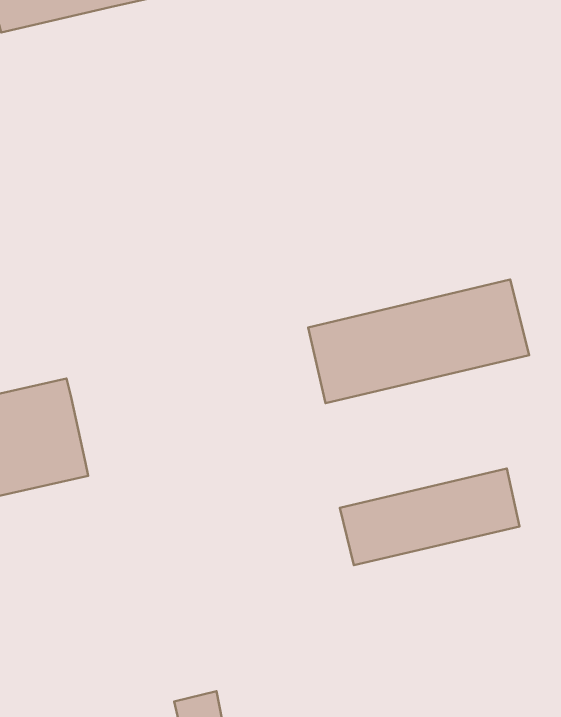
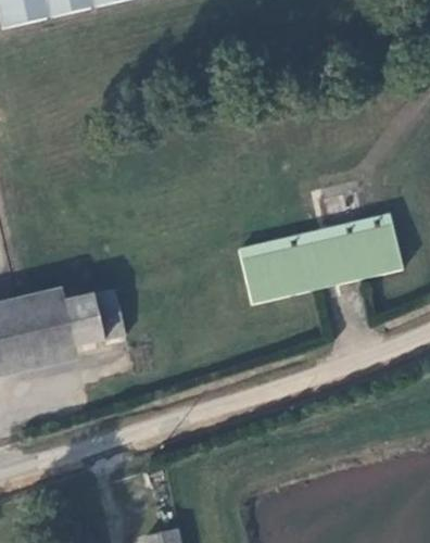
building: none -> [60,288,122,350]
building: [340,468,520,565] -> none

